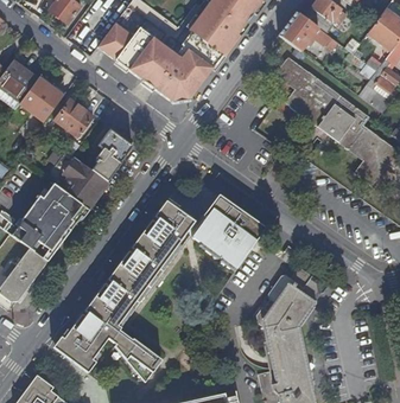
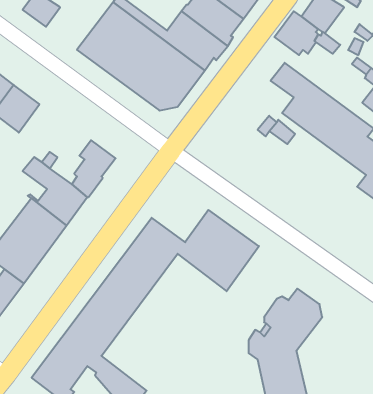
building: [55,100,93,137] -> none

